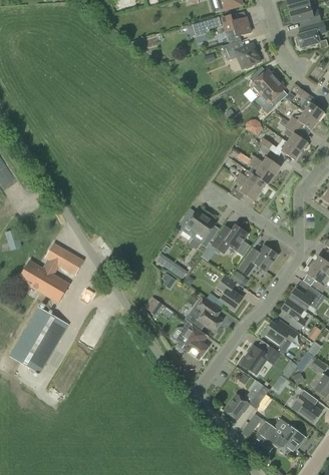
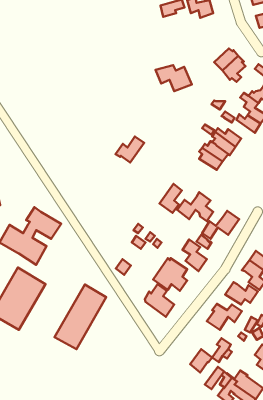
building: [222,40,261,68] -> [156,65,192,91]
building: [176,208,207,236] -> [115,136,144,162]
building: none -> [54,284,106,349]

